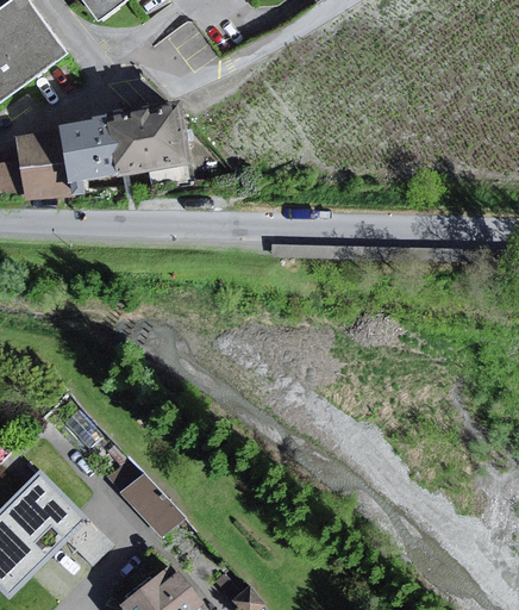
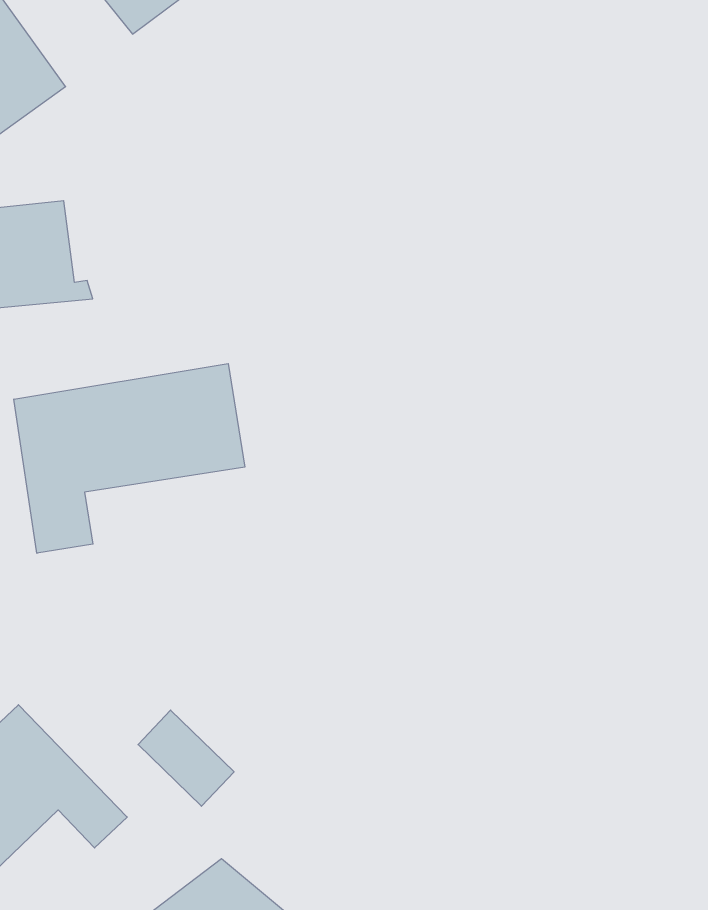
building: [65,111,196,186] -> none
building: none -> [14,364,245,553]

